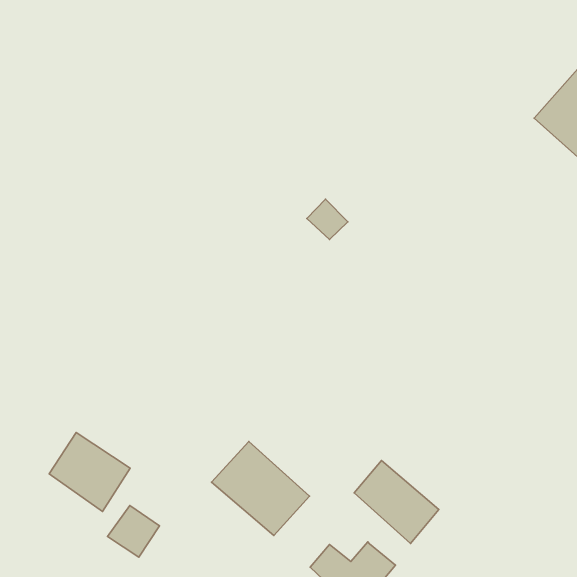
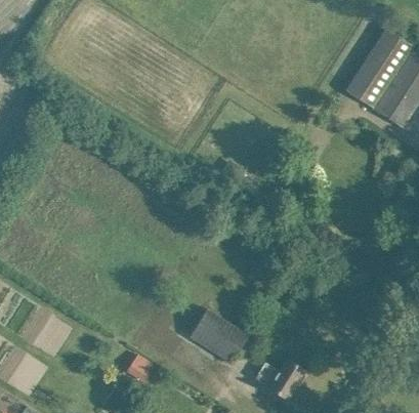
building: [49,433,130,511] -> none
building: [354,460,439,544] -> none

